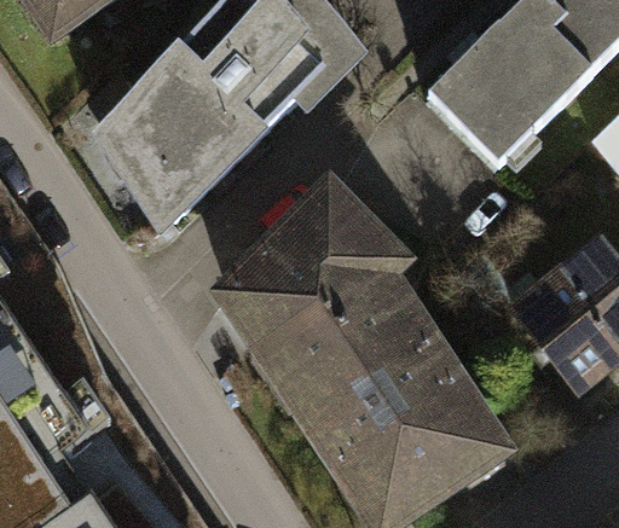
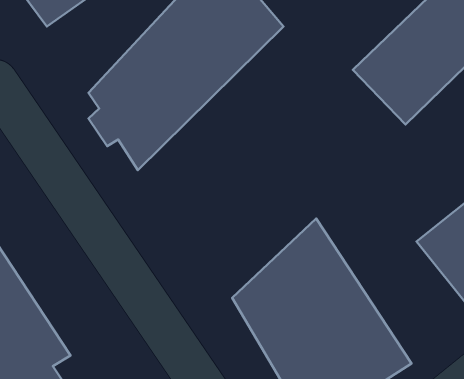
building: [227,192,403,379] -> none

